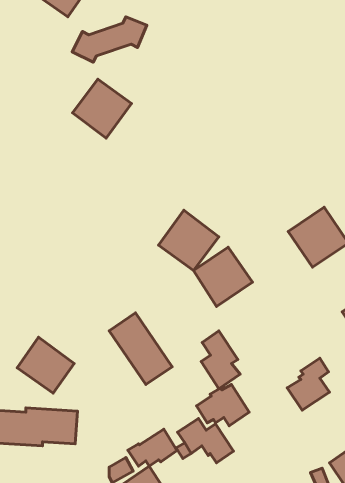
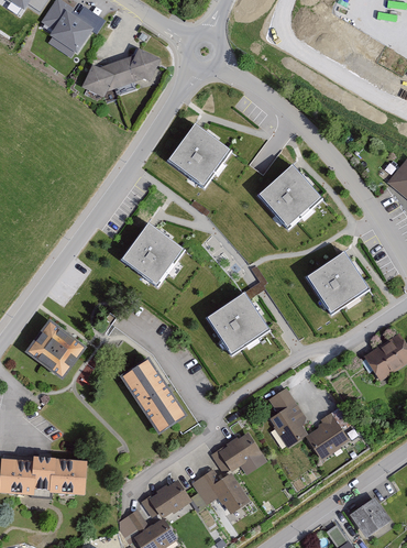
building: [73,79,132,138] -> [168,123,230,185]
building: none -> [260,163,322,226]
building: [159,210,219,270] -> [121,221,184,284]
building: [201,331,240,389] -> [267,390,308,450]
building: [17,337,74,393] -> [26,320,86,379]

